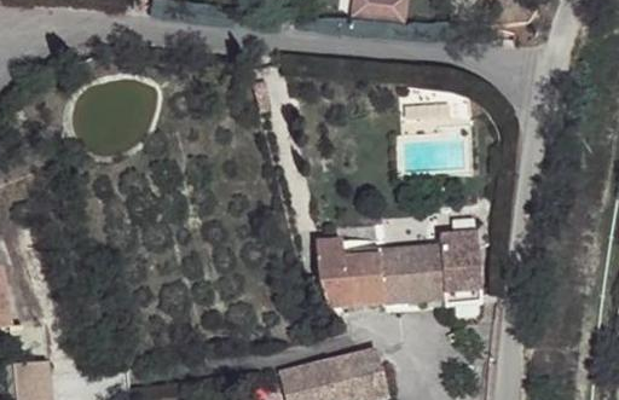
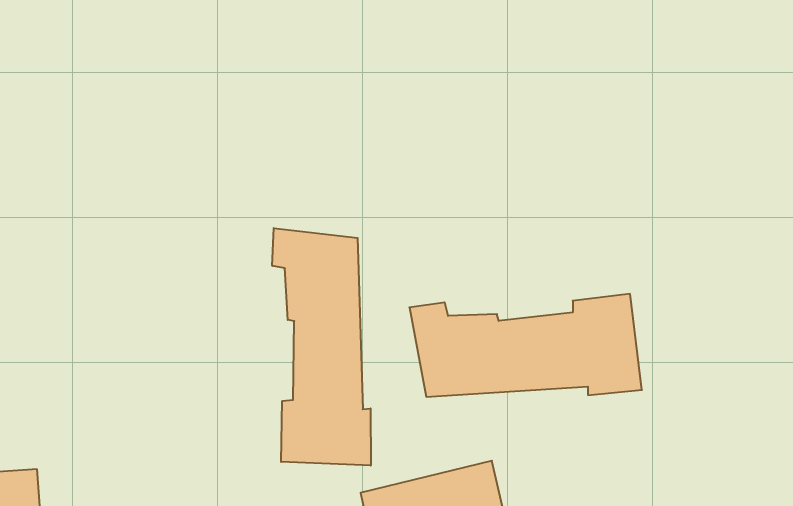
building: none -> [272,228,371,466]

